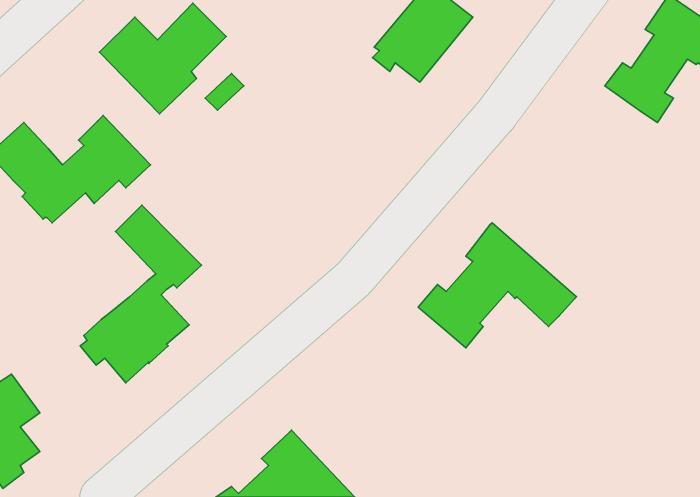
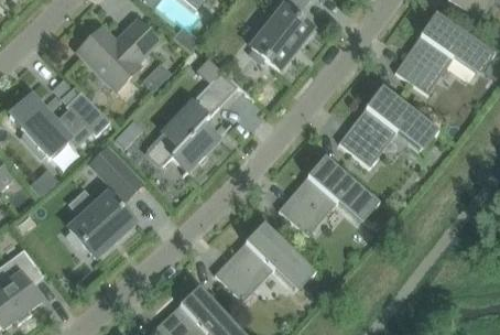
building: none -> [146,57,238,170]
building: none -> [338,86,435,165]
building: none -> [215,223,312,301]

